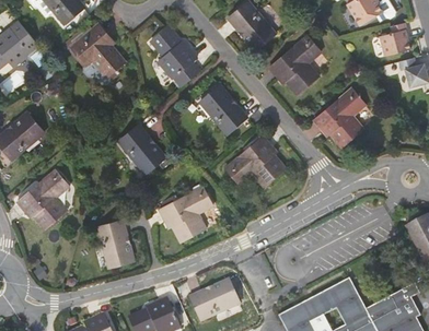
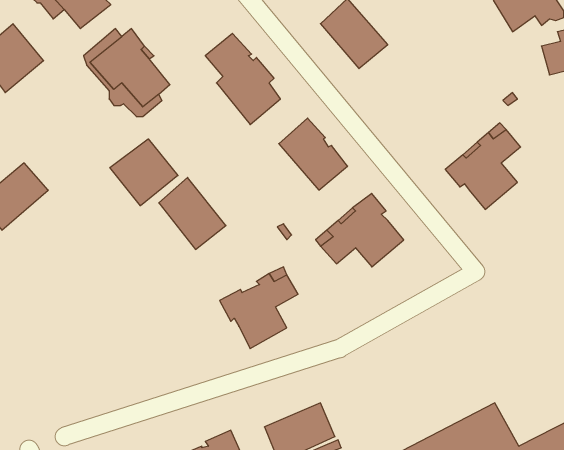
building: [270,35,322,94] -> none
building: none -> [110,139,178,206]
building: [18,172,68,229] -> none
building: [96,221,132,268] -> none

